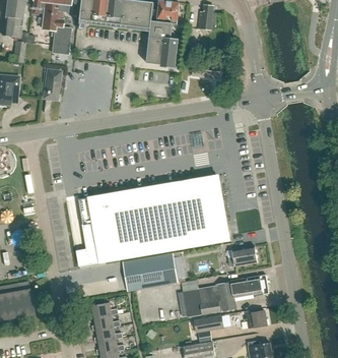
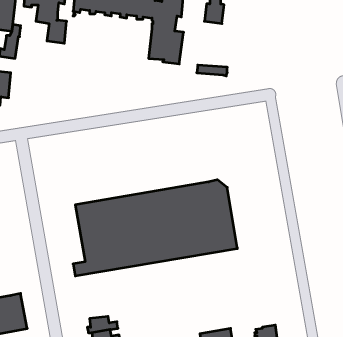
building: [44,68,61,99] -> none
building: [231,244,258,265] -> none
building: [124,251,188,290] -> none
building: [184,275,270,316] -> none

